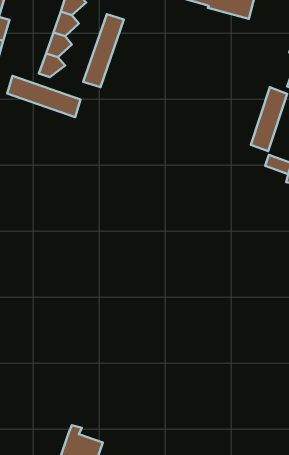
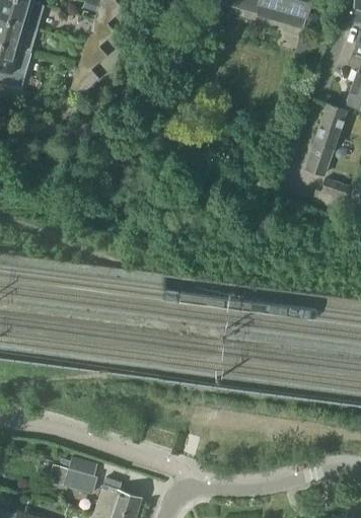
building: [83,14,124,87] -> none
building: [7,76,81,117] -> none
building: none -> [50,464,97,493]

